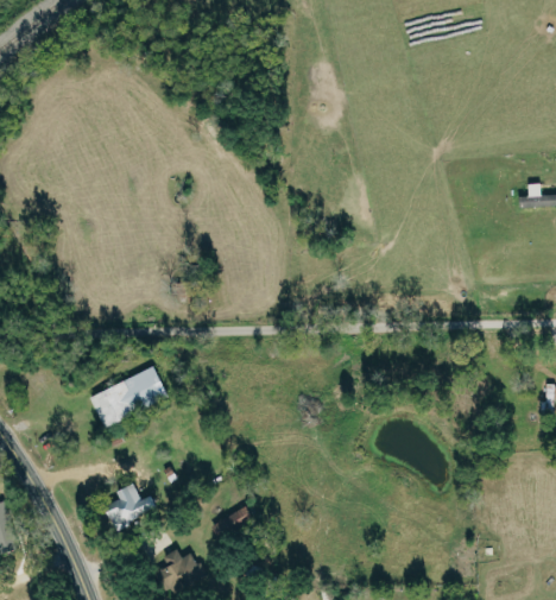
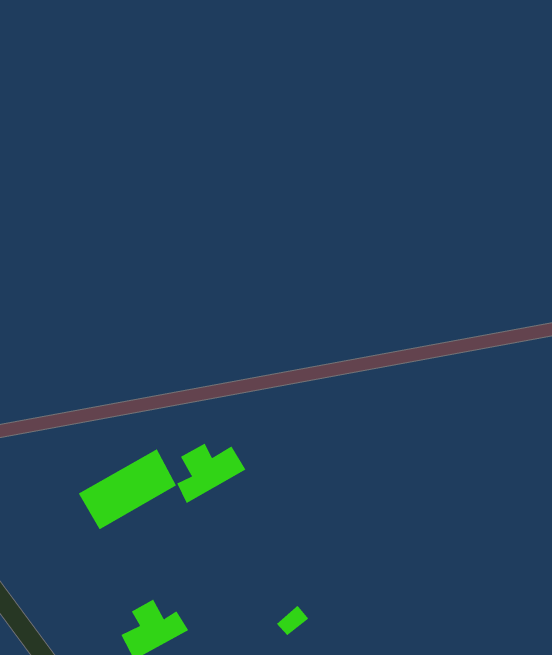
building: none -> [177,443,246,504]

